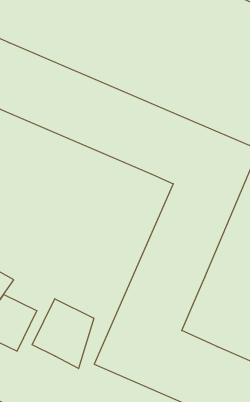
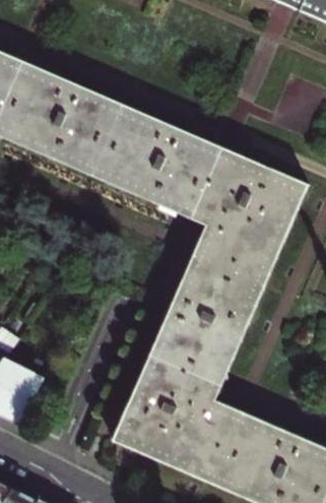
building: [32,299,94,369] -> none

